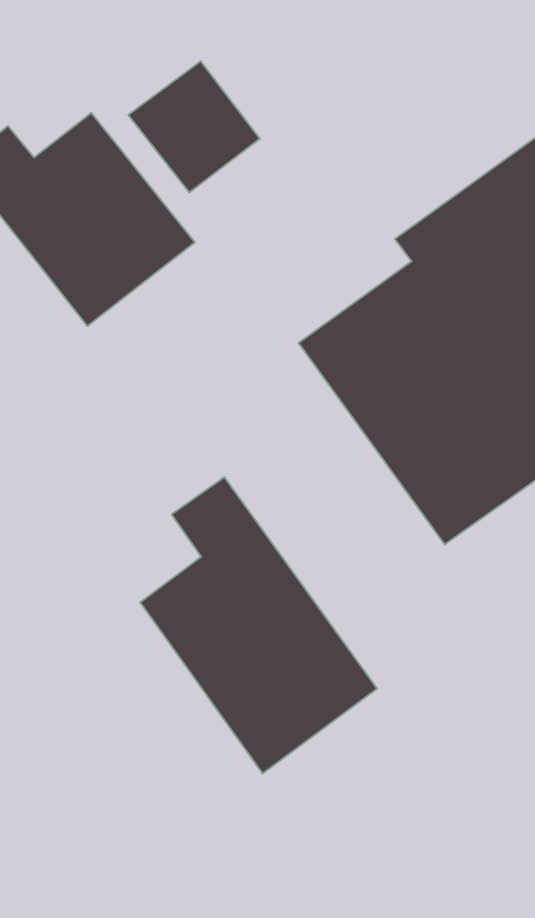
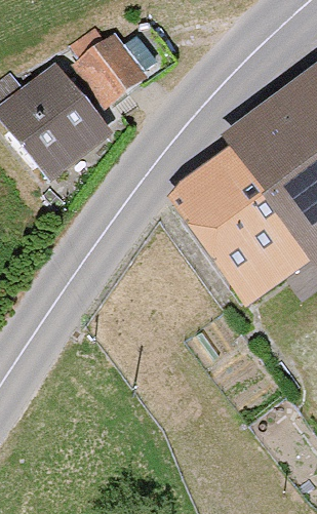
building: [140,477,377,774] -> none

